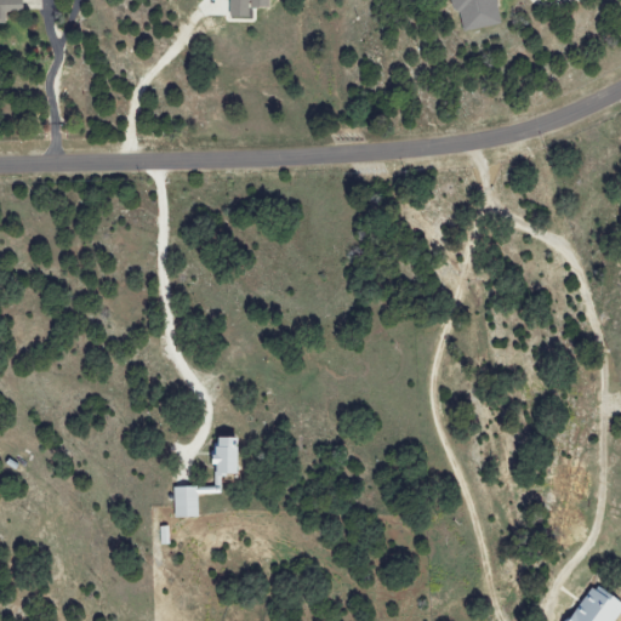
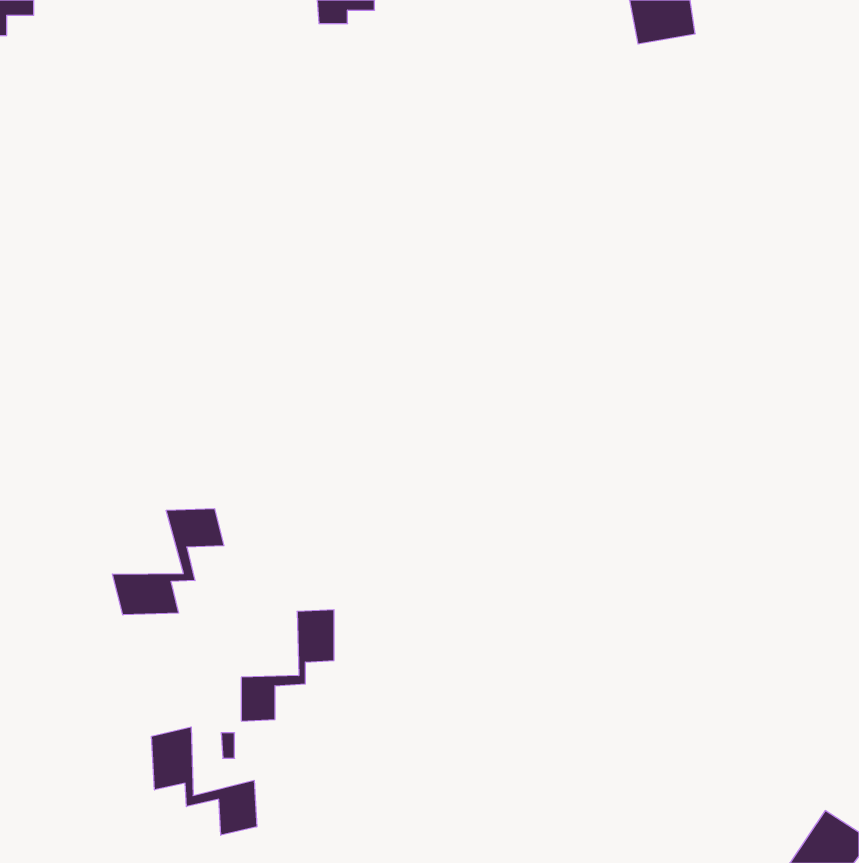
building: none -> [112,509,224,615]
building: none -> [152,727,257,835]

